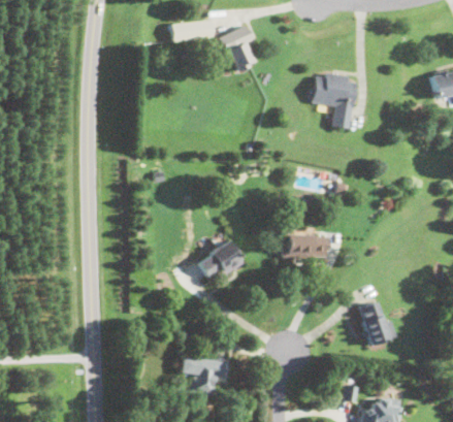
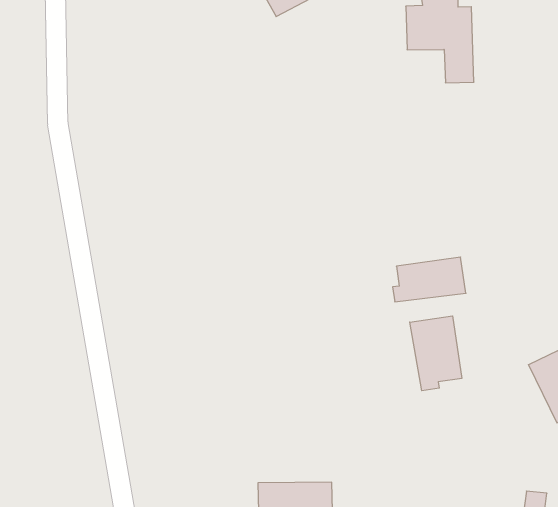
building: [197,240,244,277] -> none
building: none -> [410,316,462,391]

